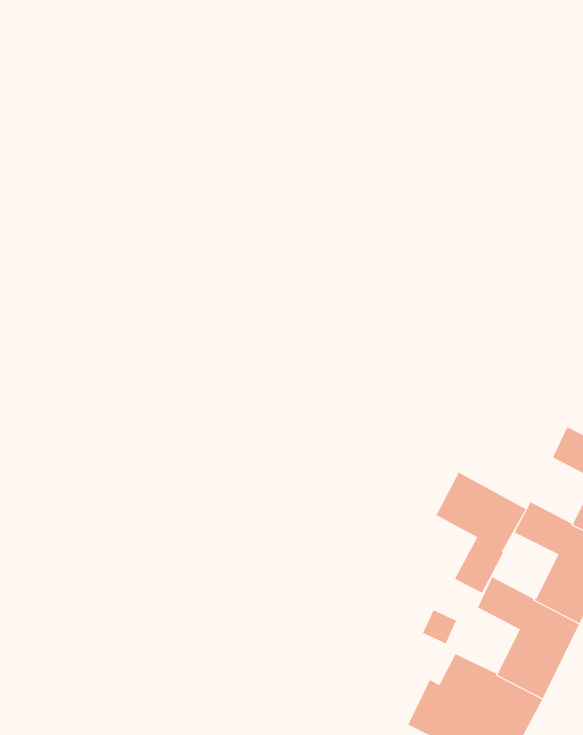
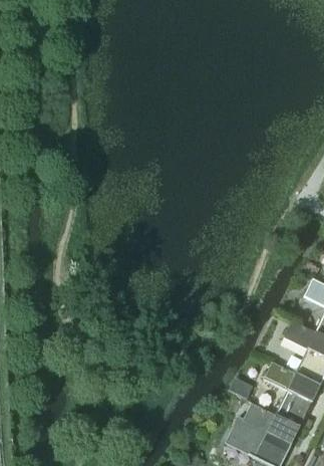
building: [436,472,526,593] -> none

